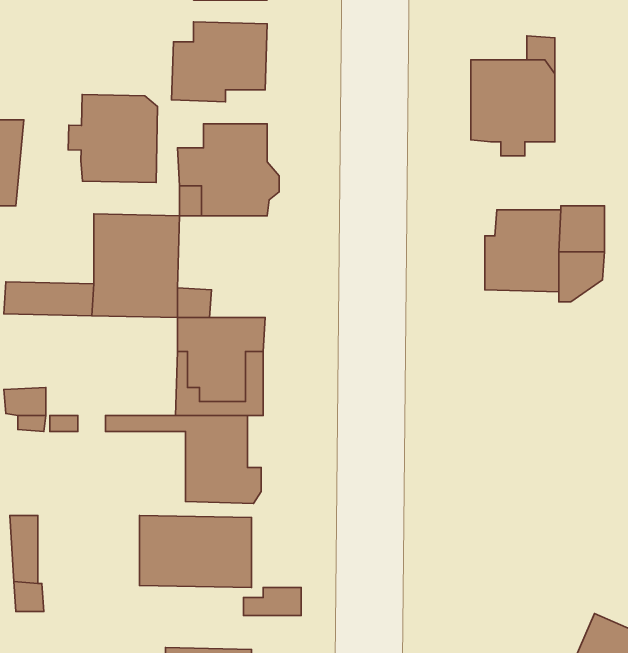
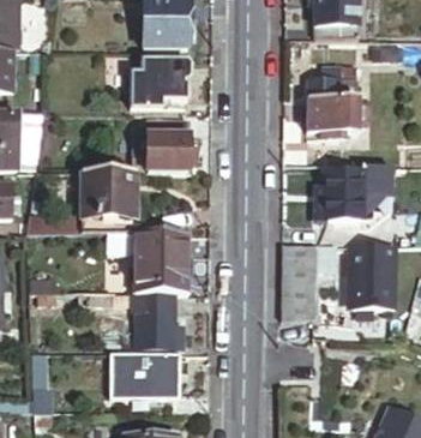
building: [68,95,158,183] -> none
building: none -> [281,241,317,319]
building: none -> [350,244,397,307]

